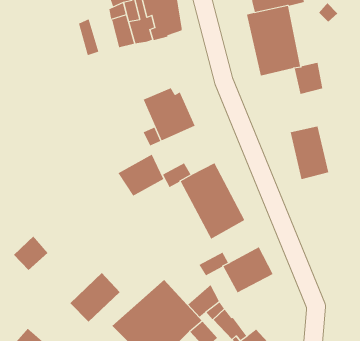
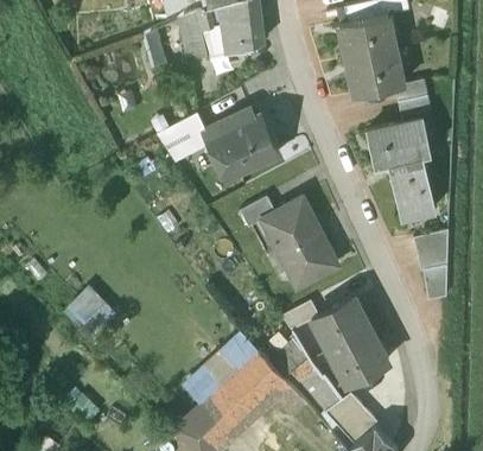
building: none -> [367,120,431,166]
building: [118,154,164,196] -> [157,113,211,163]
building: none -> [413,231,447,301]
building: [69,272,121,323] -> none
building: none -> [328,329,388,385]

